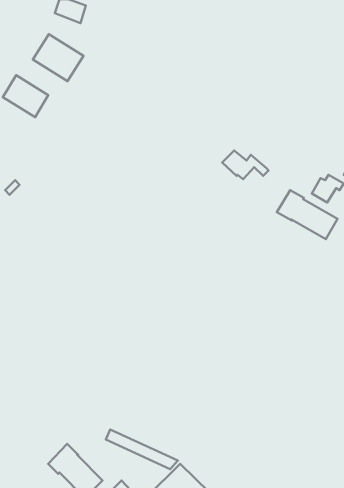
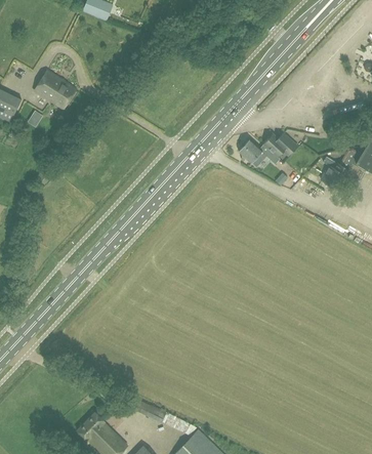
building: [33,34,84,81] -> none
building: none -> [264,134,298,156]
building: [277,190,337,239] -> none

